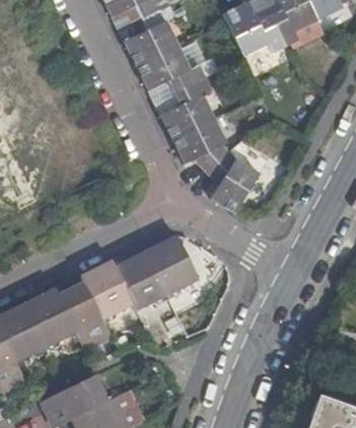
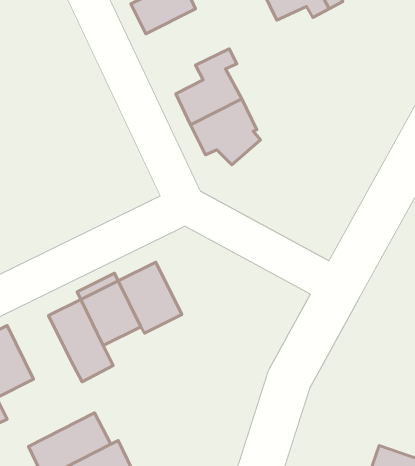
building: [136,45,204,90] -> none
building: [206,151,259,212] -> none
building: [144,235,197,293] -> none
building: [23,287,75,346] -> none

